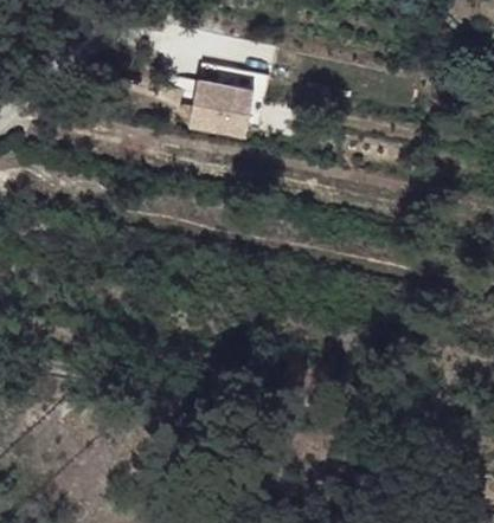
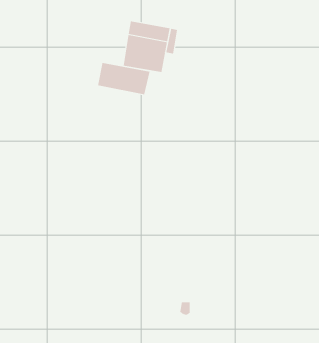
building: none -> [98,62,150,95]

